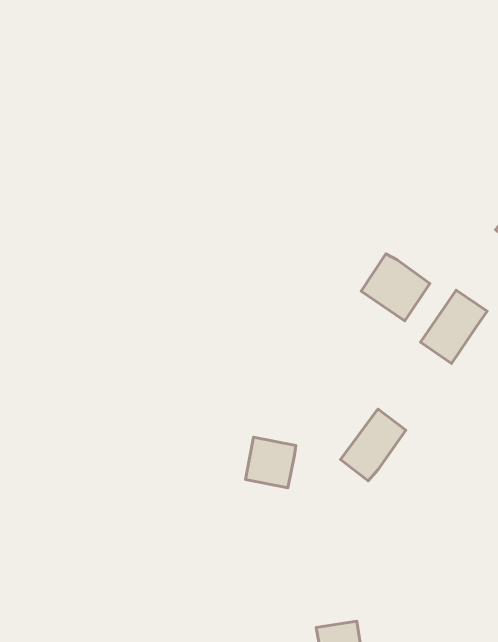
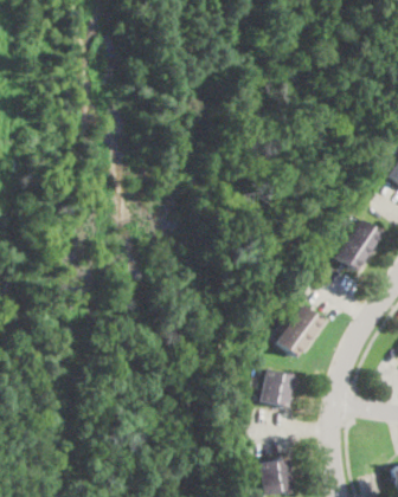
building: [361,254,430,321] -> none
building: [245,437,296,488] -> [258,369,295,406]

